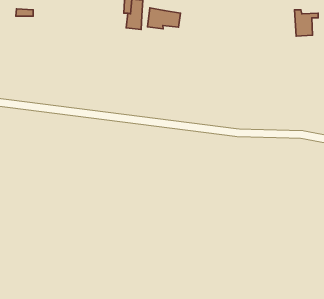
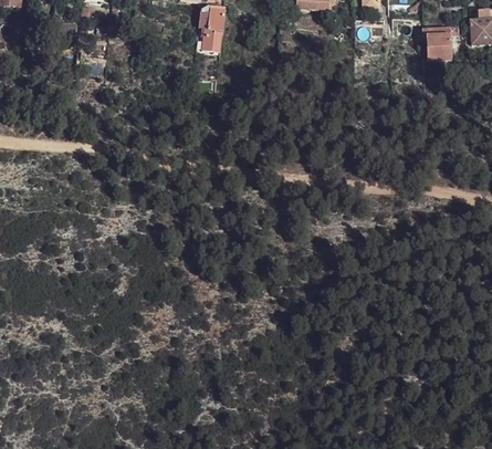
building: [148,8,180,29] -> none

